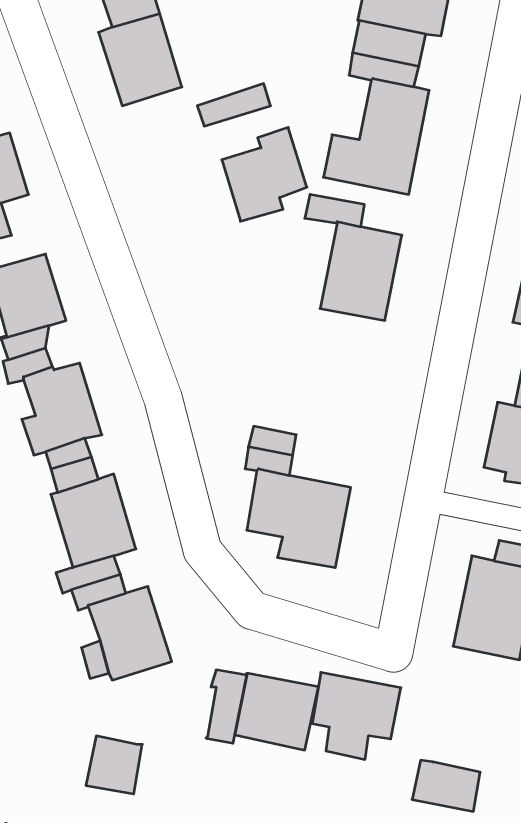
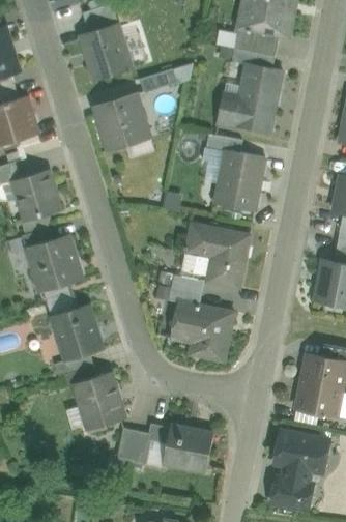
building: [222,127,307,221] -> [95,93,147,150]
building: none -> [181,224,249,288]
building: [312,672,401,759] -> [275,431,328,484]
building: [86,736,142,794] -> [117,428,151,463]

